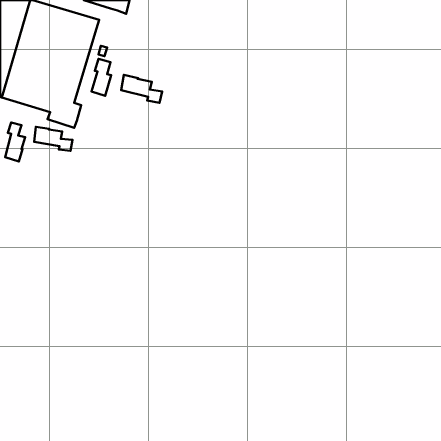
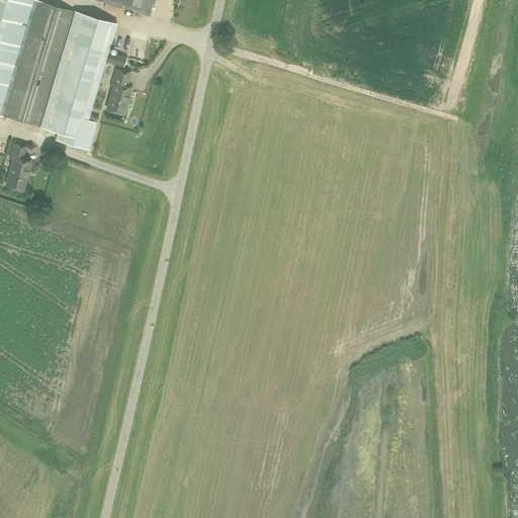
building: [121,75,162,103] -> none
building: [34,127,72,151] -> none

